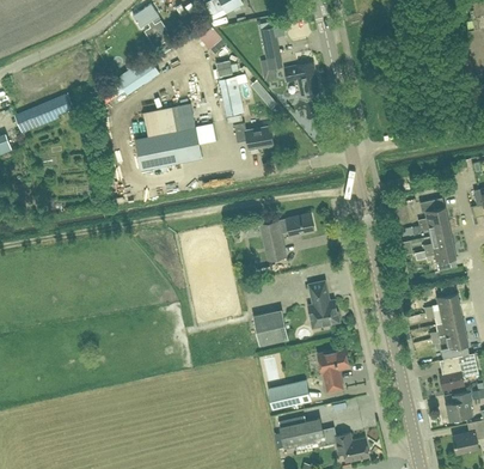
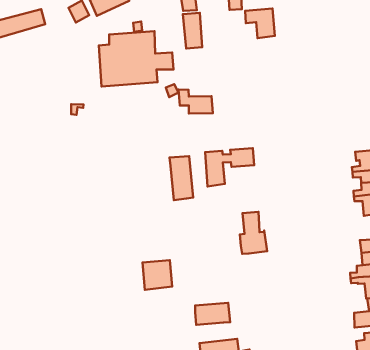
building: [234,124,274,150] -> [178,90,213,114]
building: none -> [170,156,193,200]
building: [253,311,288,346] -> [143,260,172,290]
building: [318,348,349,392] -> none

